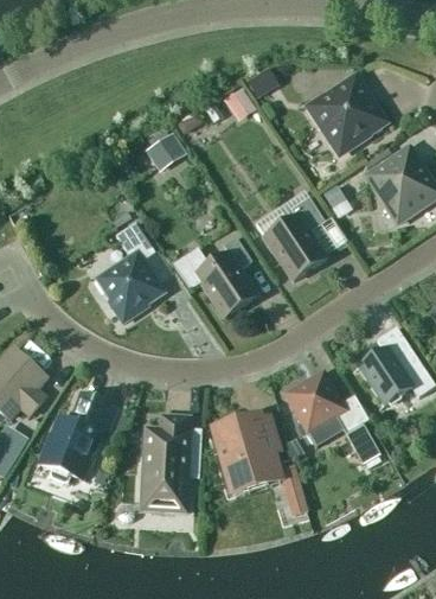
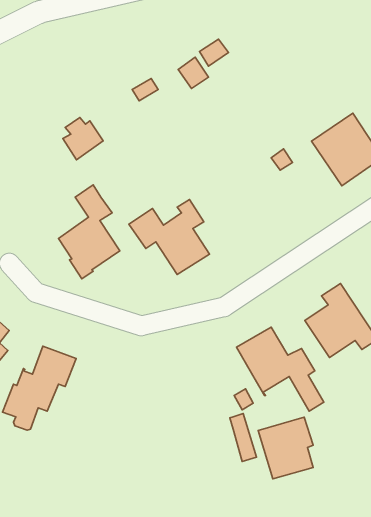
building: [308,75,386,153] -> none
building: [143,127,186,172] -> [63,117,103,160]
building: [263,197,326,280] -> none
building: [132,415,190,512] -> none
building: [217,420,275,485] -> [258,417,313,479]

